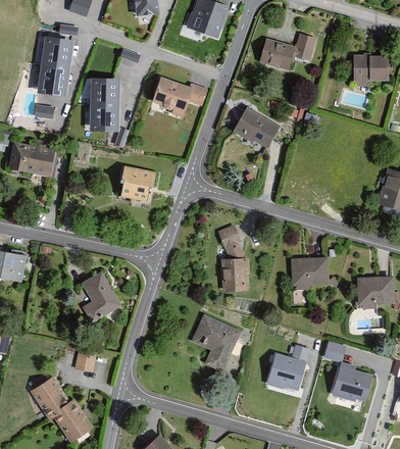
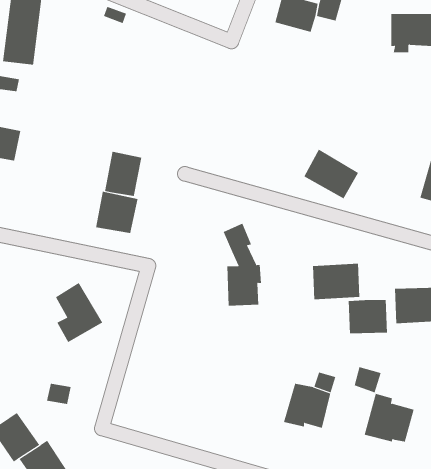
building: [151,77,207,118] -> none
building: [93,82,116,129] -> none
building: [234,108,279,149] -> [303,149,359,199]
building: none -> [95,191,138,234]
building: none -> [348,299,387,334]
building: [191,316,239,370] -> none

